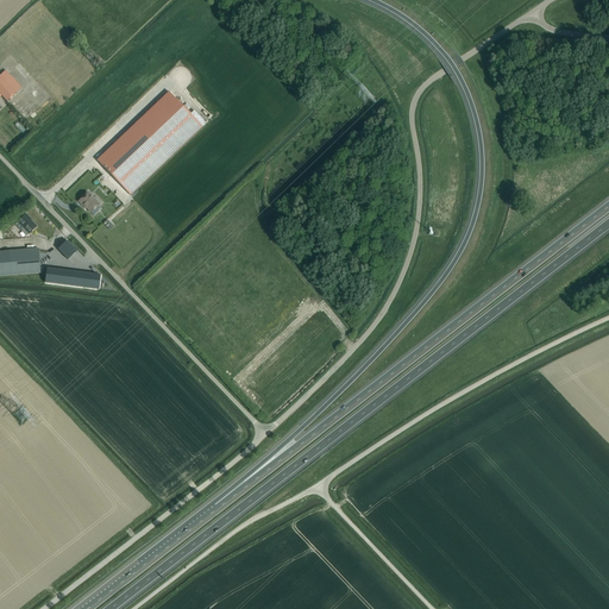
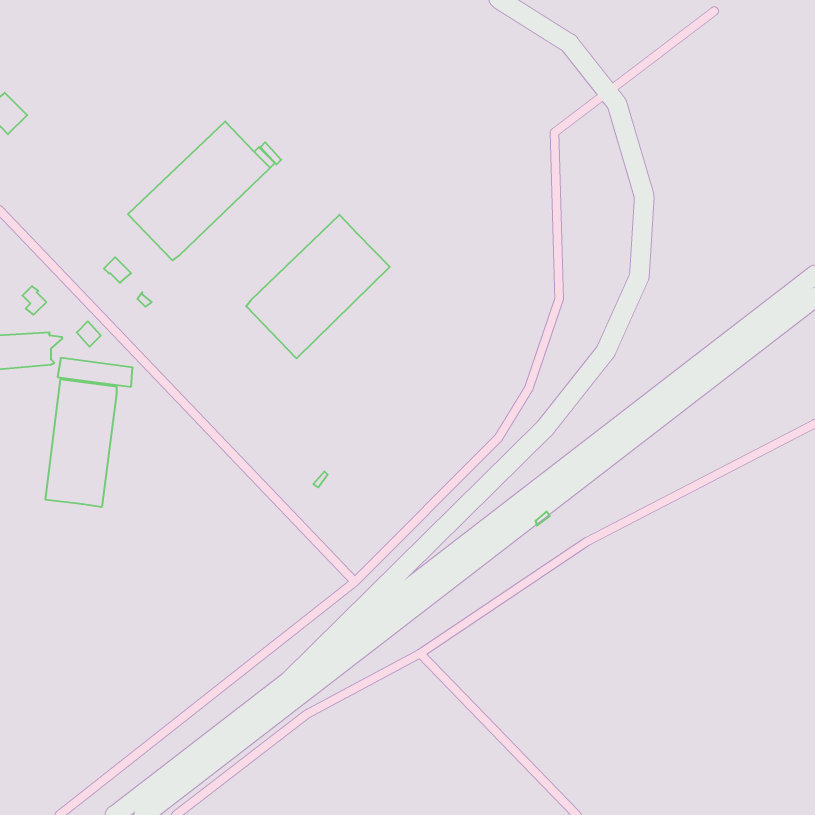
building: none -> [246,215,390,358]
building: none -> [46,379,117,507]

